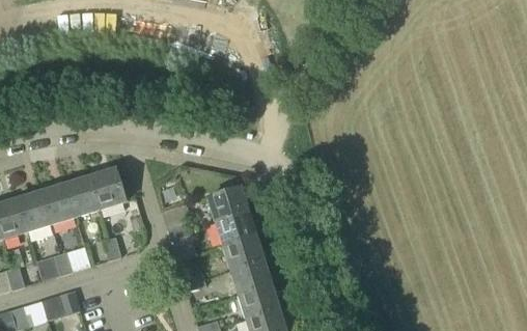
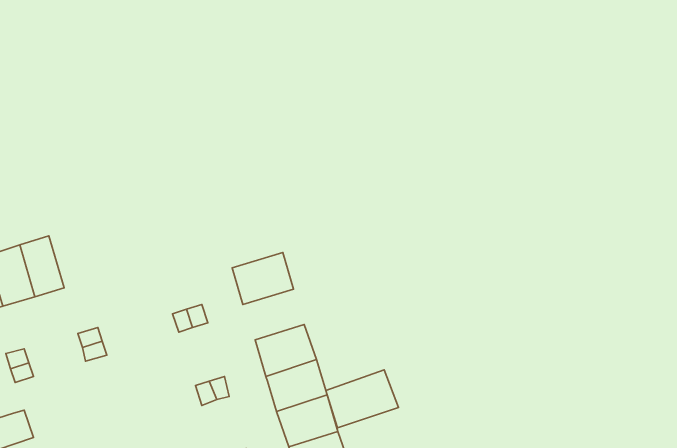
building: [83,166,124,211] -> none
building: [215,212,256,246] -> none
building: none -> [326,370,398,428]

